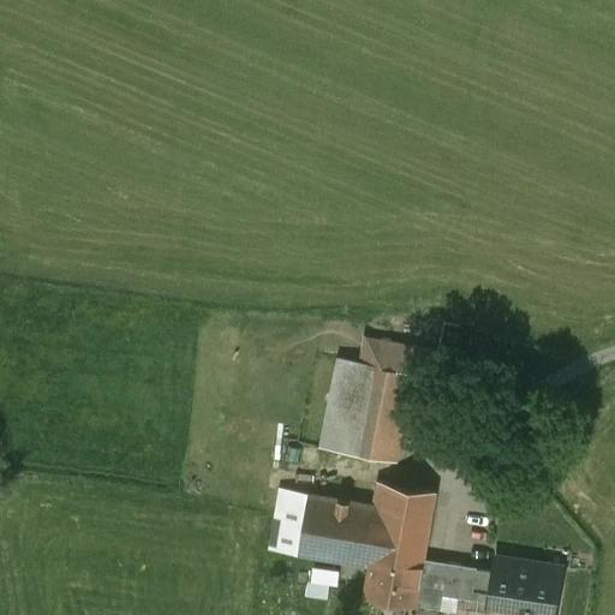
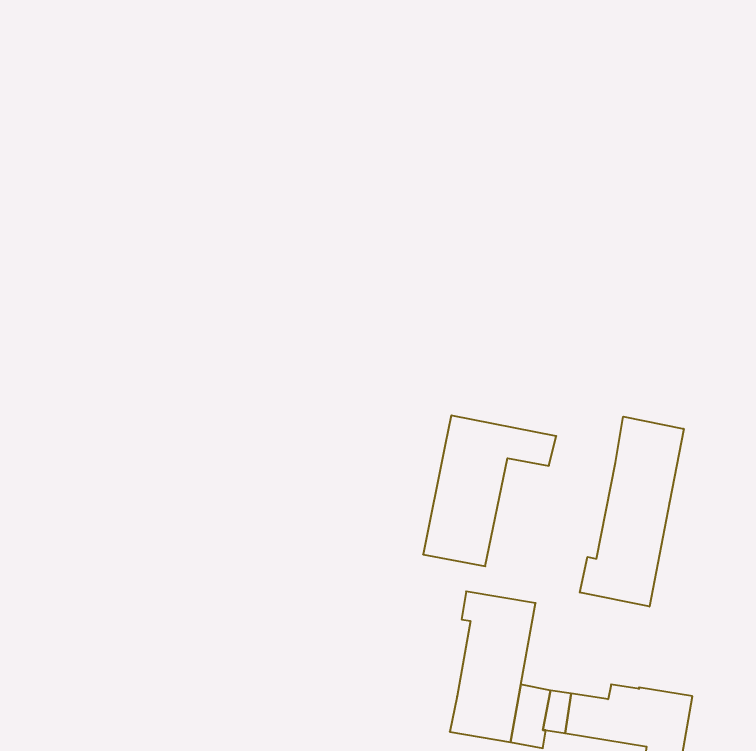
building: none -> [580,417,684,607]
building: [321,360,362,454] -> none
building: [270,491,382,569] -> none

